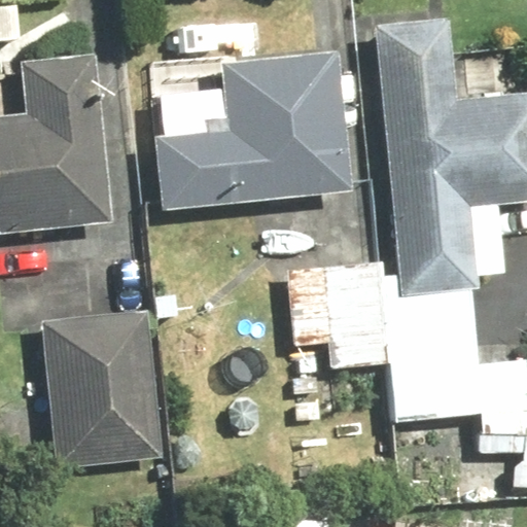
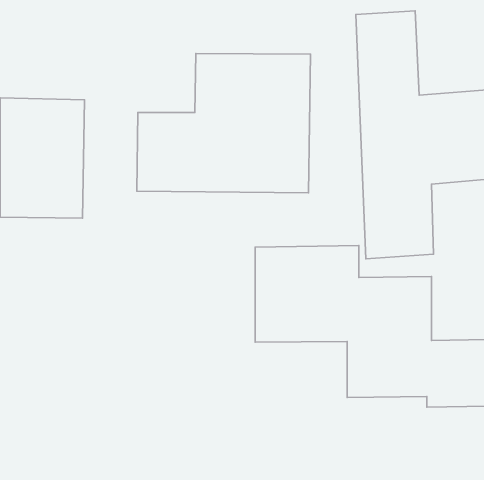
building: [43,313,163,465] -> none

